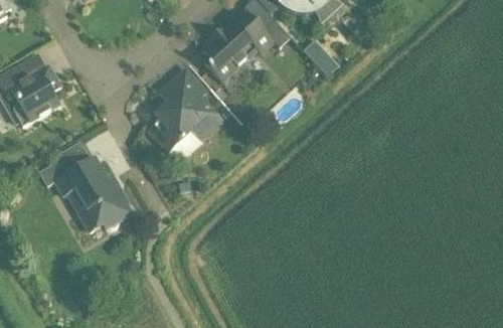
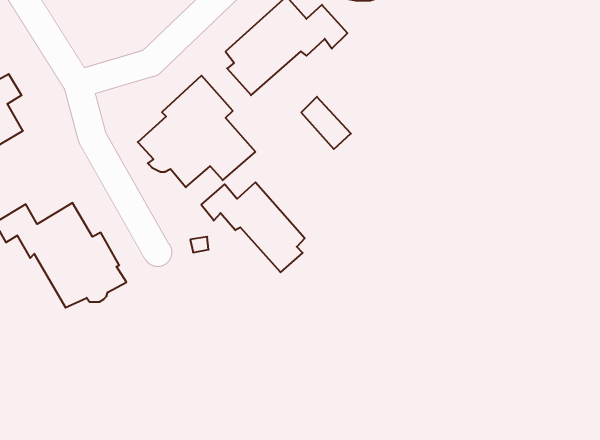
building: [304,39,339,76] -> [301,97,351,149]
building: none -> [201,182,305,272]

